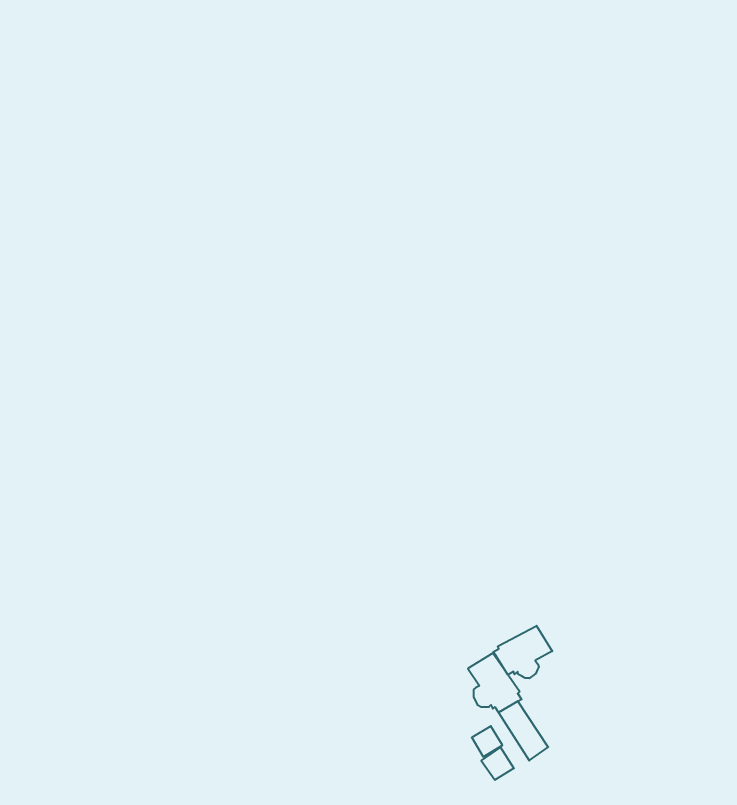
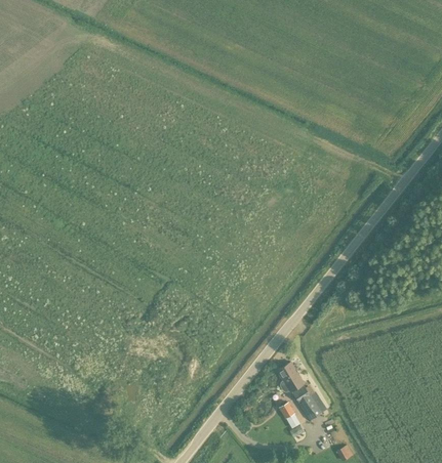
building: [493,626,552,678] -> none

